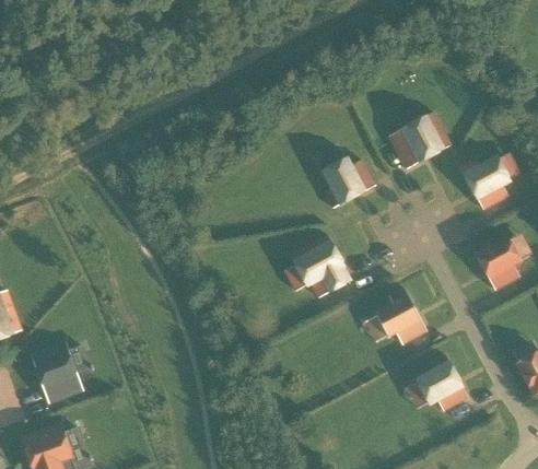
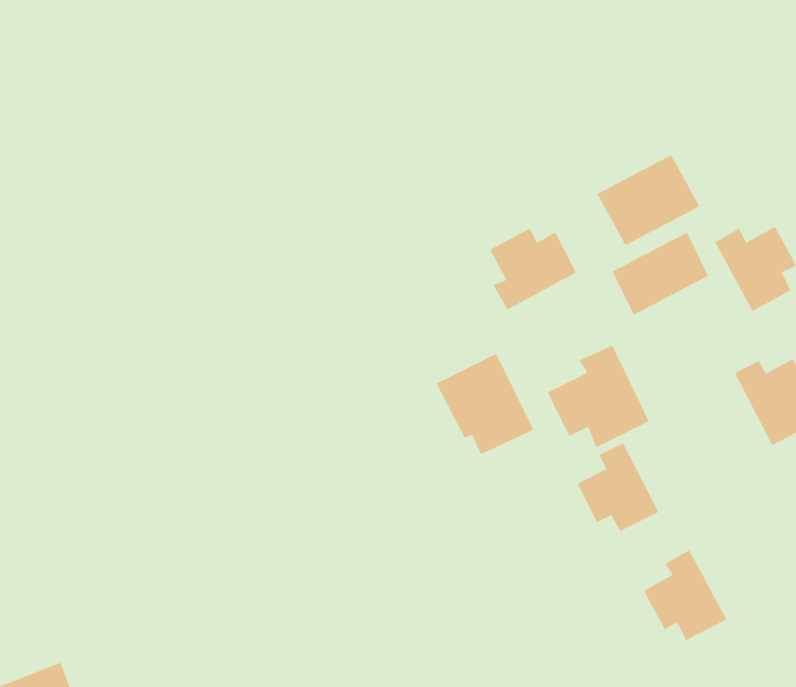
building: none -> [612,232,709,316]
building: none -> [547,345,649,448]
building: [31,342,83,402] -> none

